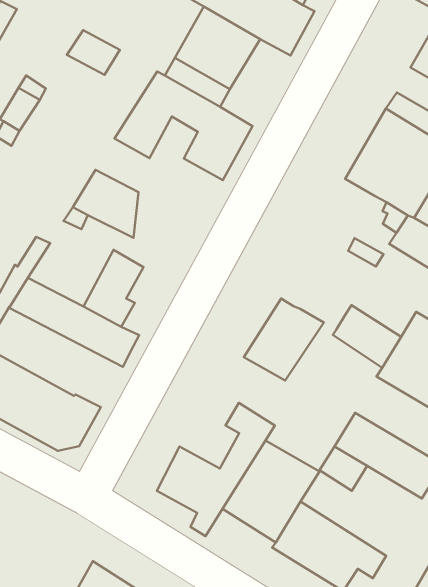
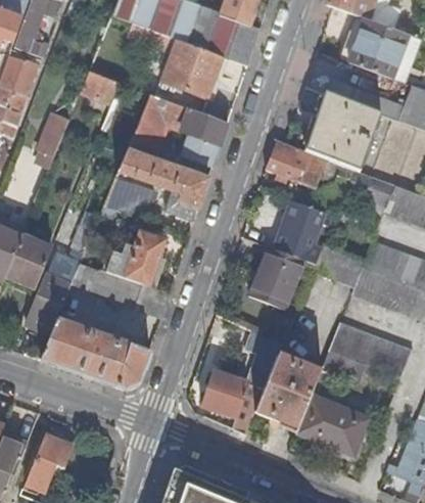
building: none -> [119,148,209,221]
building: none -> [266,139,328,188]
building: none -> [276,201,322,263]

